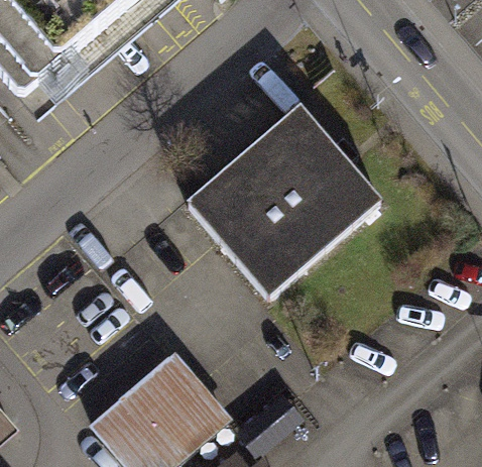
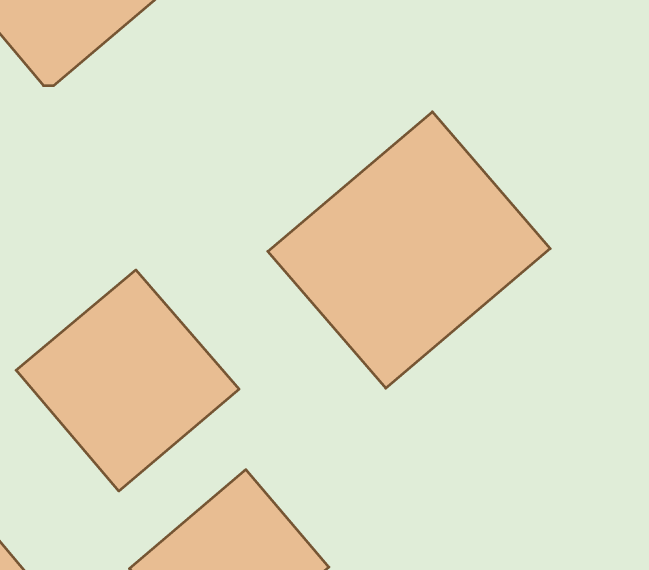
building: none -> [16,270,239,491]

